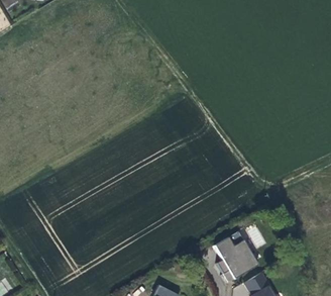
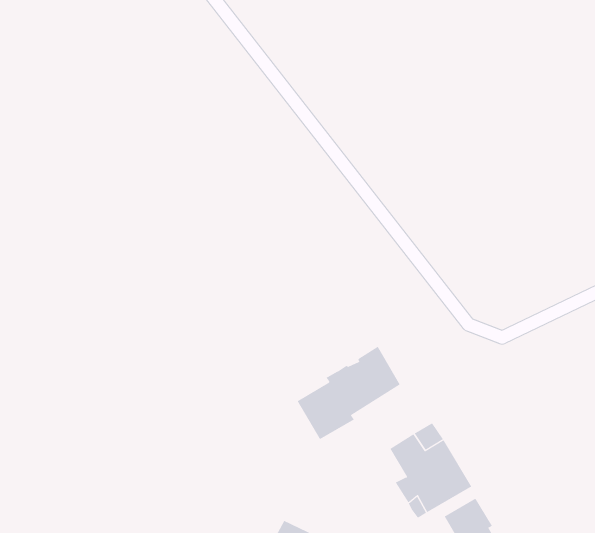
building: none -> [297,346,401,440]

